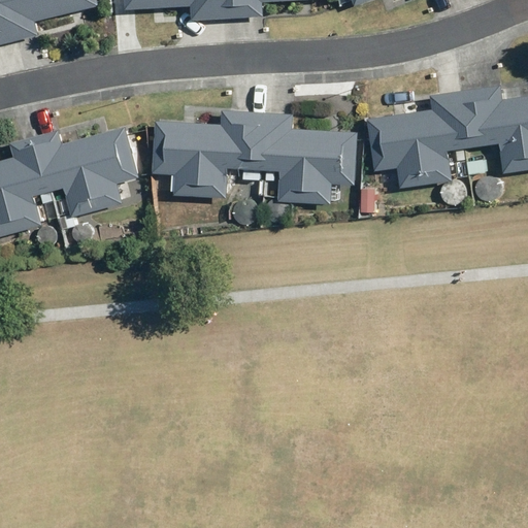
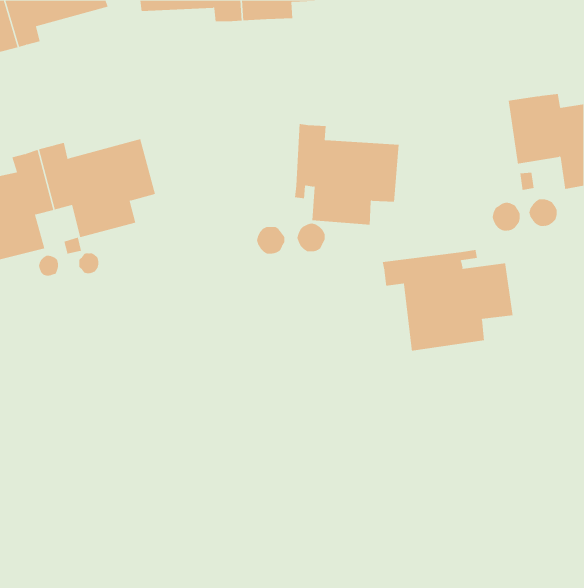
building: [368,92,462,188] -> none
building: [152,109,267,196] -> none
building: none -> [382,249,513,351]

